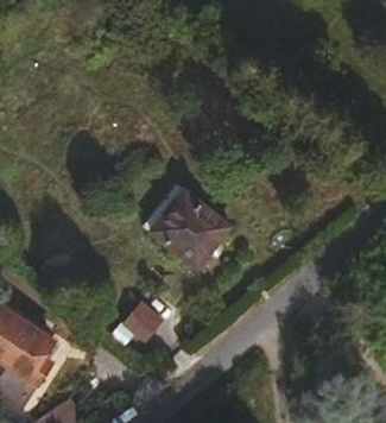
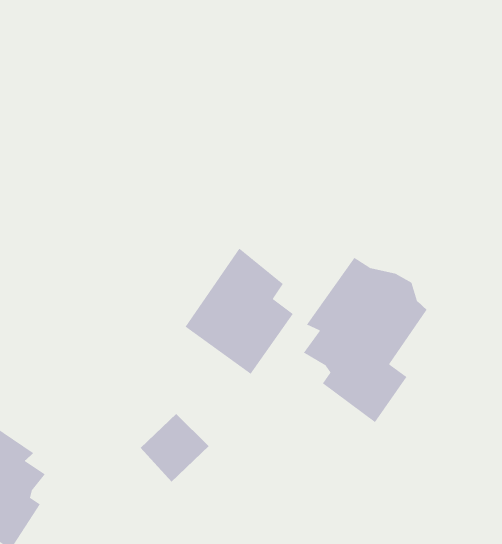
building: none -> [303,257,428,423]

